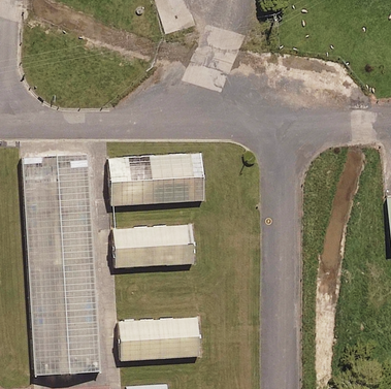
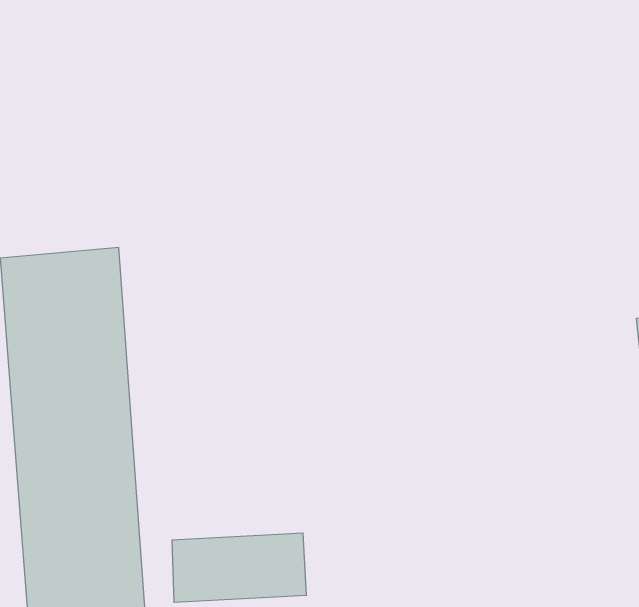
building: [111,151,206,201] -> none
building: [113,218,191,261] -> none

